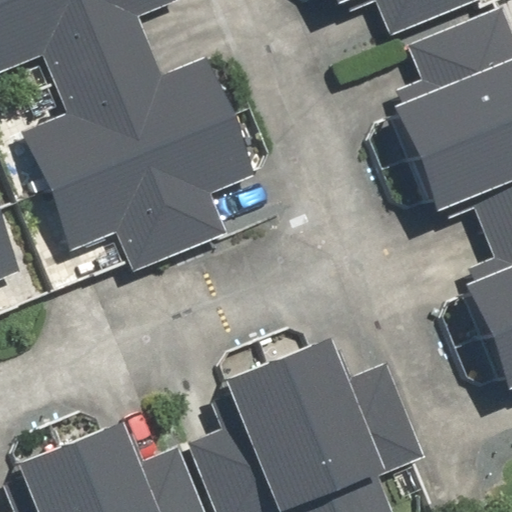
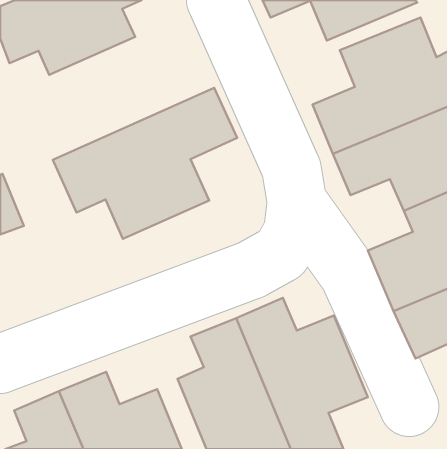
building: [38,42,246,182] -> none

